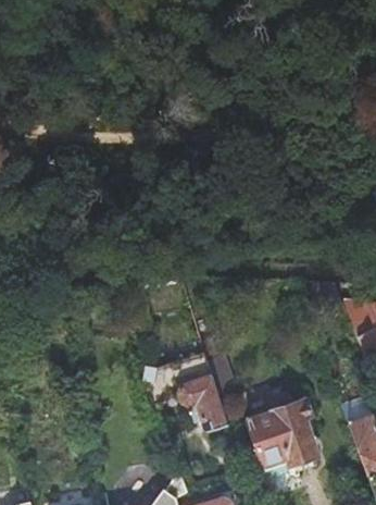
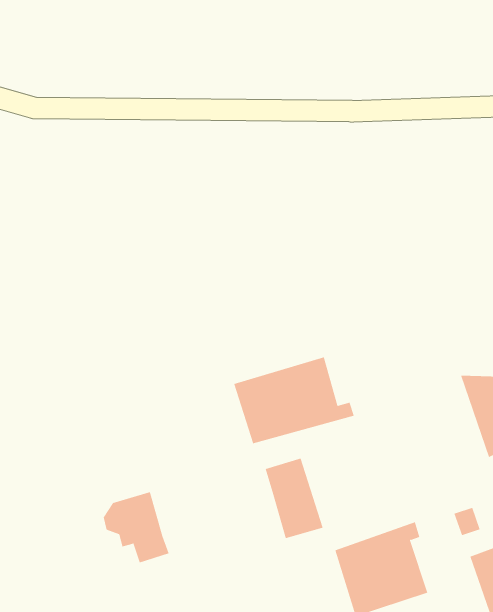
building: none -> [233,357,355,444]
building: [180,382,226,431] -> [103,492,169,563]

